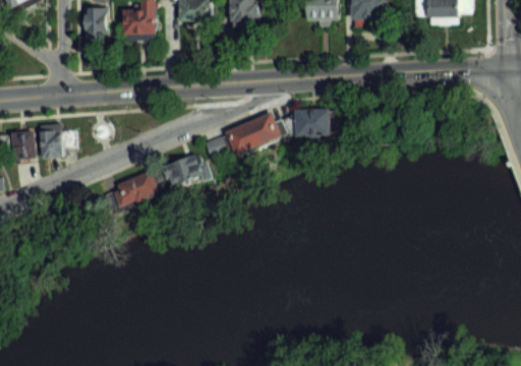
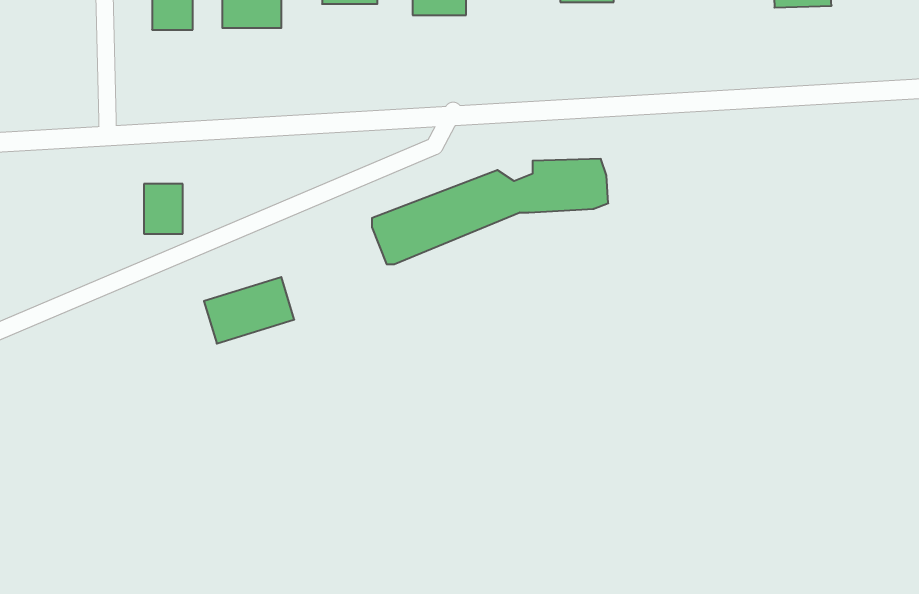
building: [41,130,62,158] -> [144,184,183,234]
building: [12,131,37,160] -> none
building: [165,155,209,187] -> none

